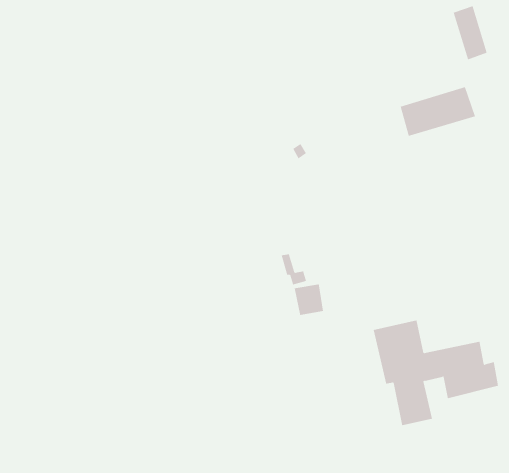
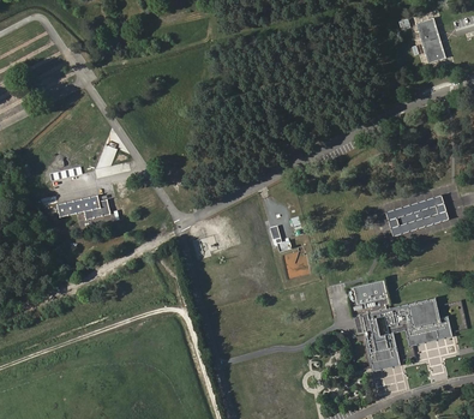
building: [400,86,476,137] -> [388,193,451,235]
building: none -> [56,194,109,219]

